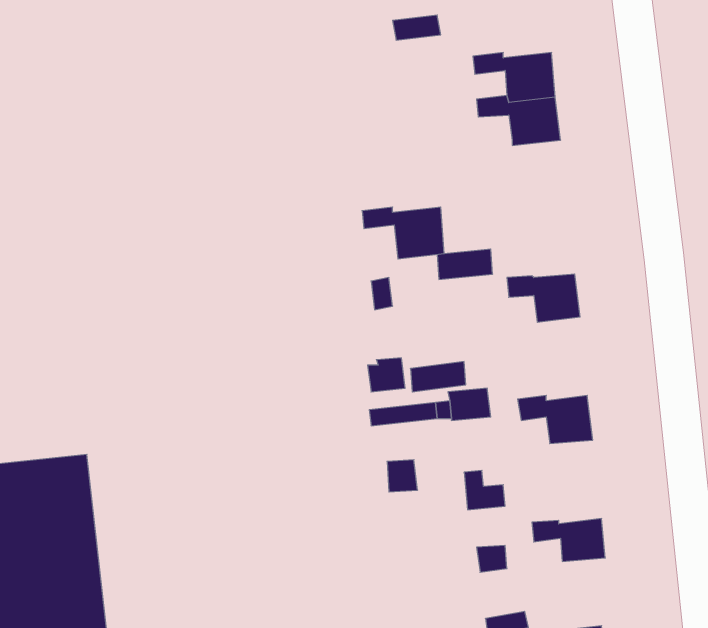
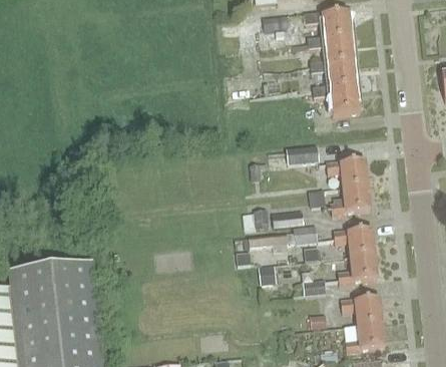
building: none -> [305,12,352,40]
building: [362,207,444,259] -> [313,86,359,115]
building: none -> [331,186,370,216]
building: none -> [338,255,378,285]
building: none -> [346,321,384,353]

